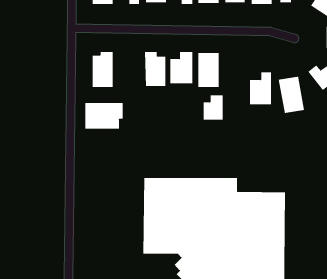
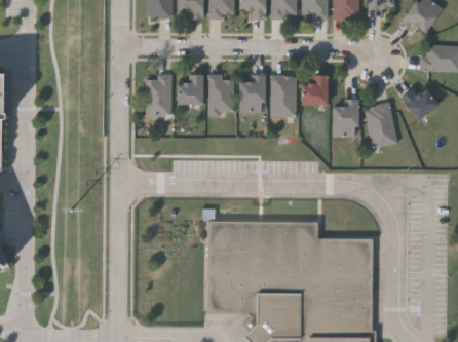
building: none -> [177,75,202,105]
building: [203,95,224,120] -> [302,75,327,105]
building: [85,102,123,129] -> none

